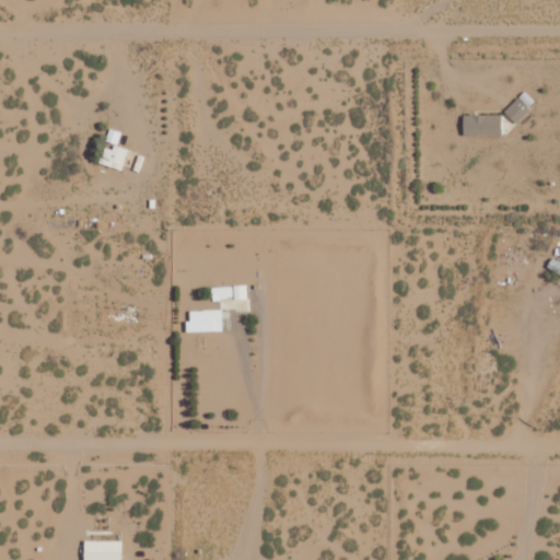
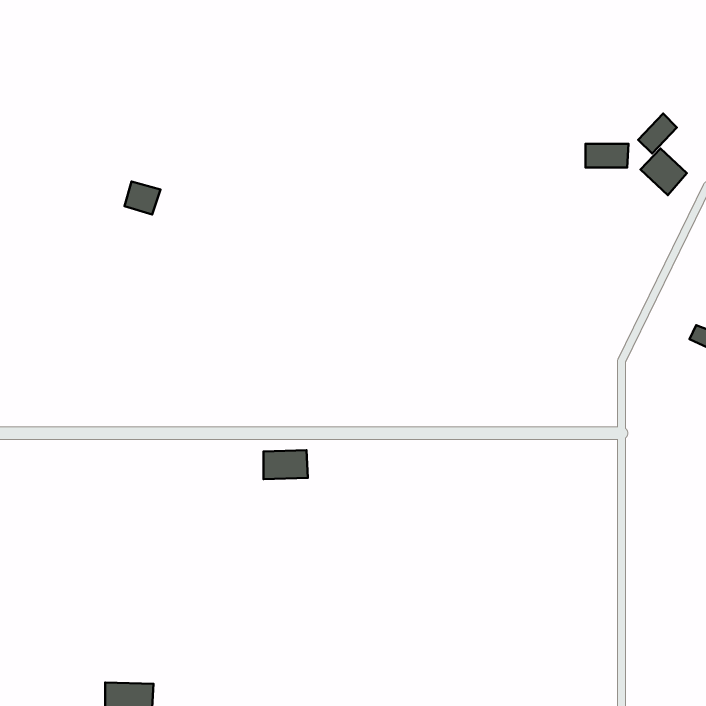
building: none -> [641,148,687,195]
building: [188,310,223,332] -> [264,450,308,479]

